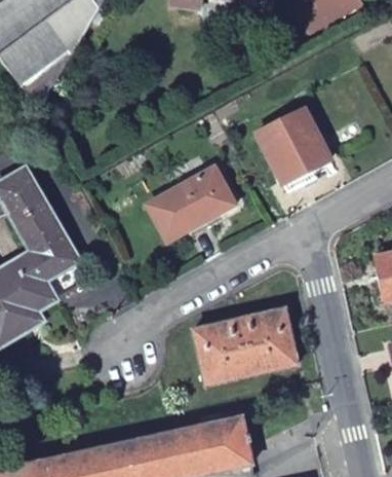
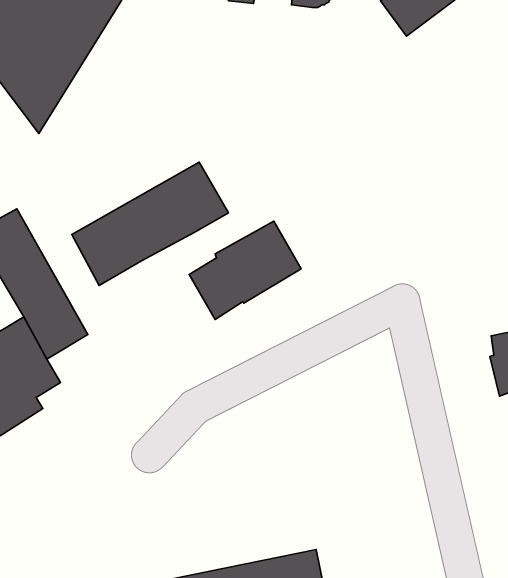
building: [256,107,338,190] -> none
building: none -> [72,162,229,286]
building: [198,311,303,382] -> none

